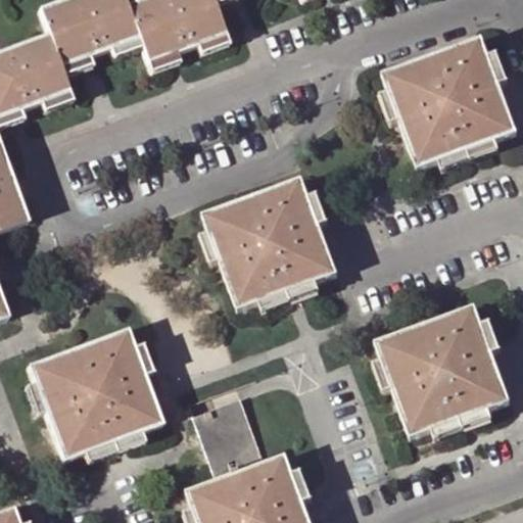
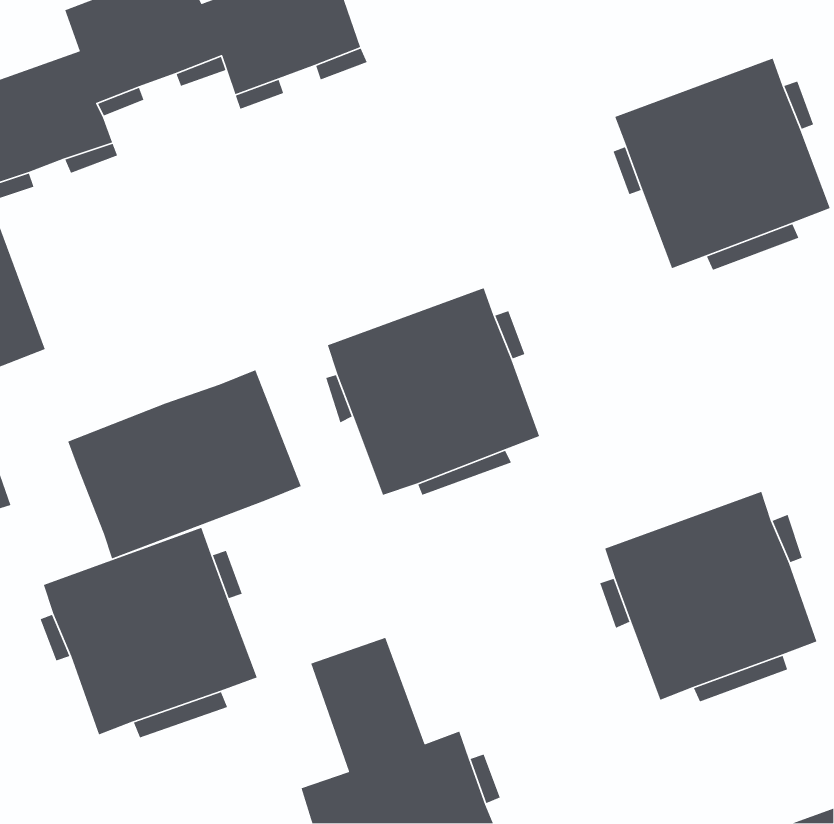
building: none -> [67,369,302,559]

